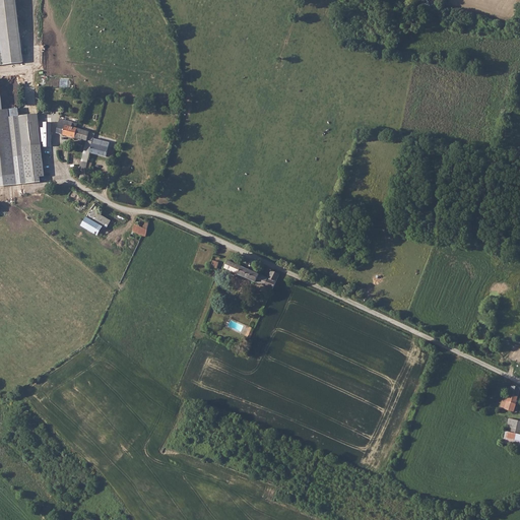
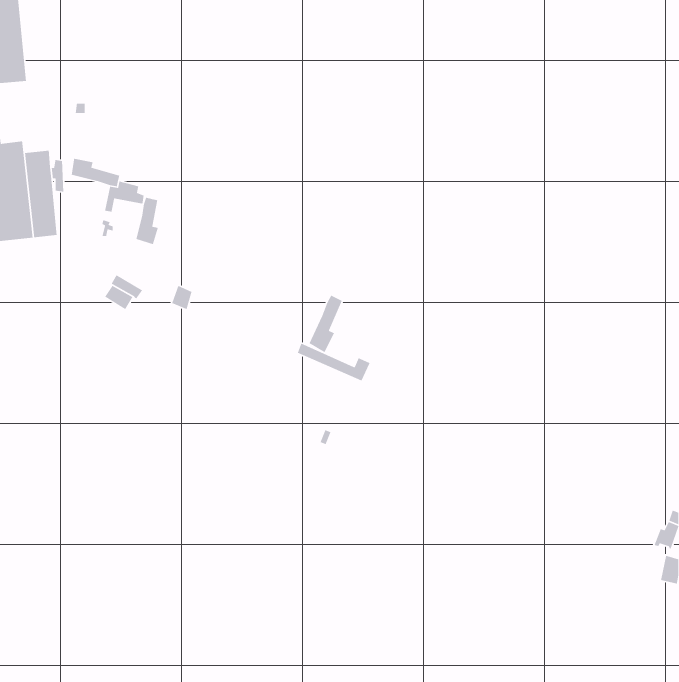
building: none -> [136,197,159,245]
building: none -> [309,294,343,353]

